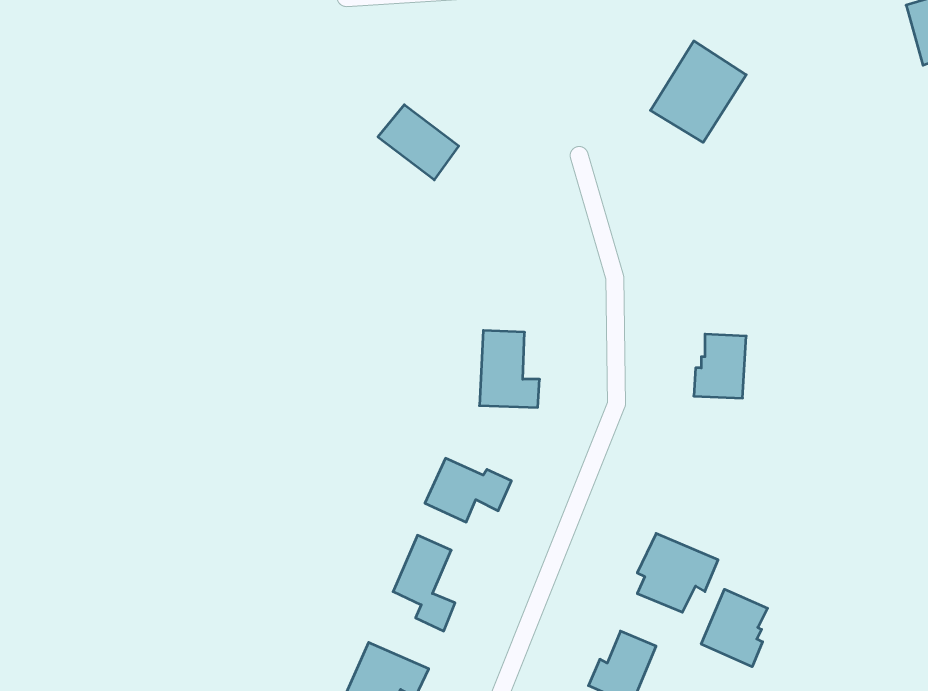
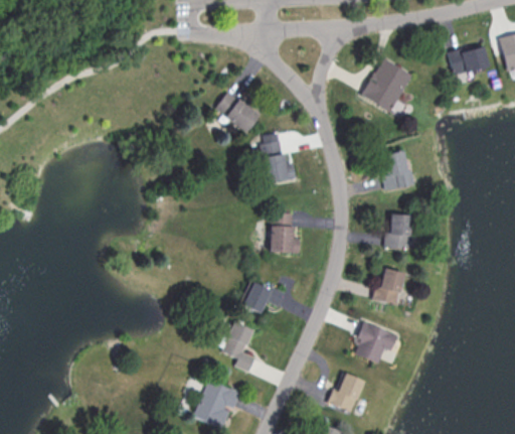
building: none -> [449,46,488,75]
building: none -> [259,139,298,185]
building: none -> [377,151,414,191]
building: none -> [373,267,404,305]
building: [701,589,768,667] -> none

